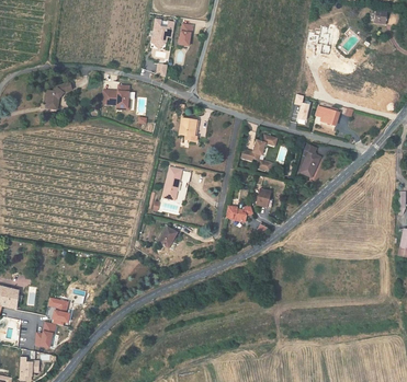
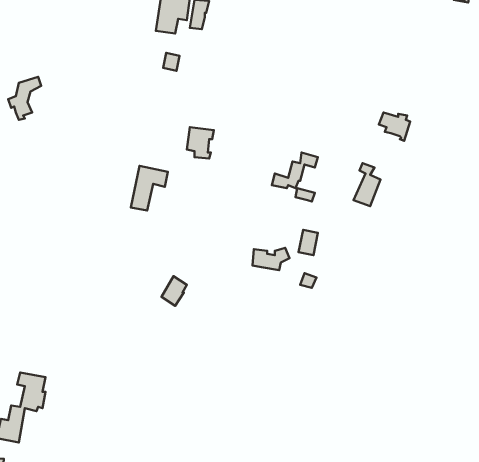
building: [99,82,128,106] -> none
building: [160,165,188,198] -> [131,166,168,211]

